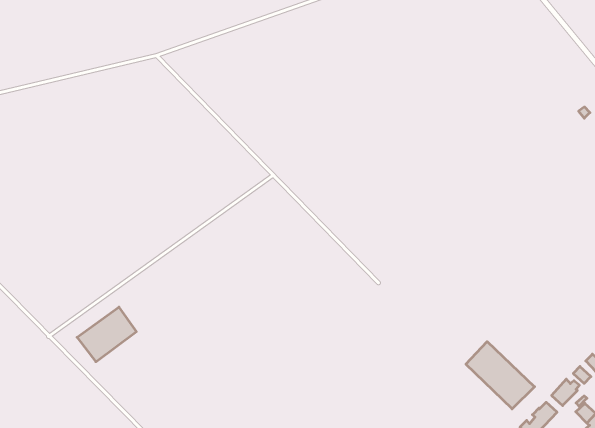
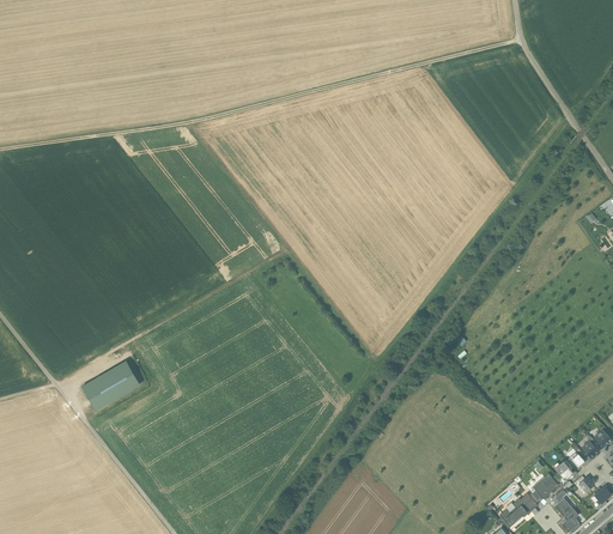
building: [466,342,535,409] -> none

